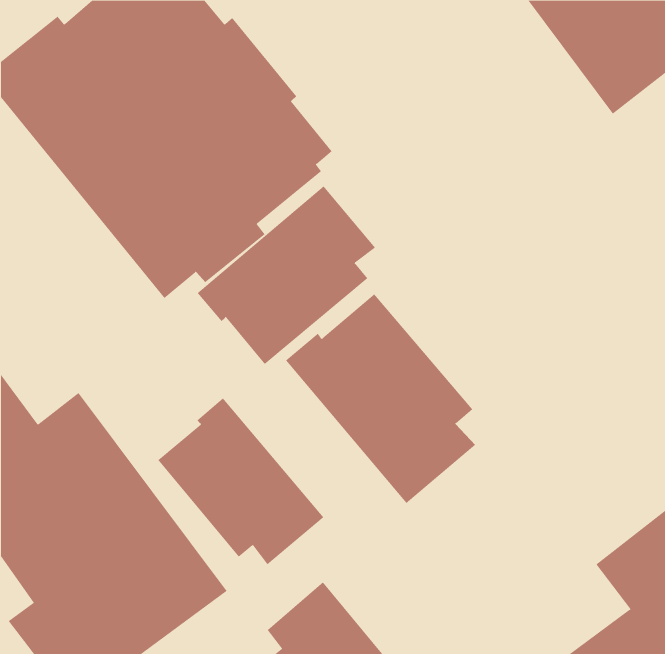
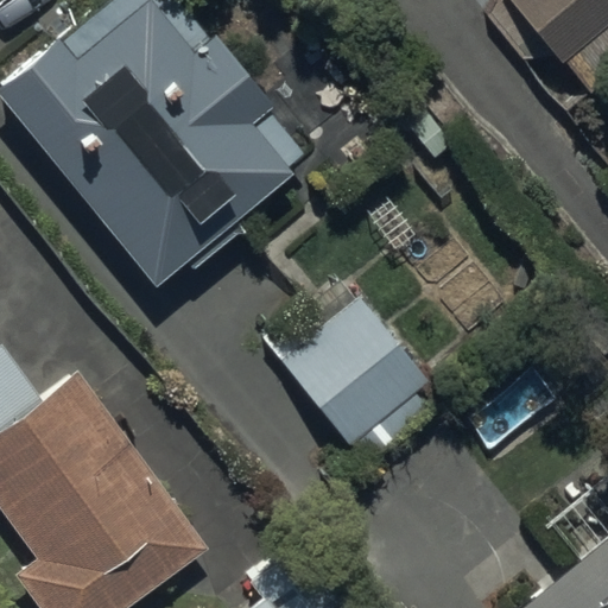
building: [197,186,376,365] -> none
building: [157,398,324,565] -> none

